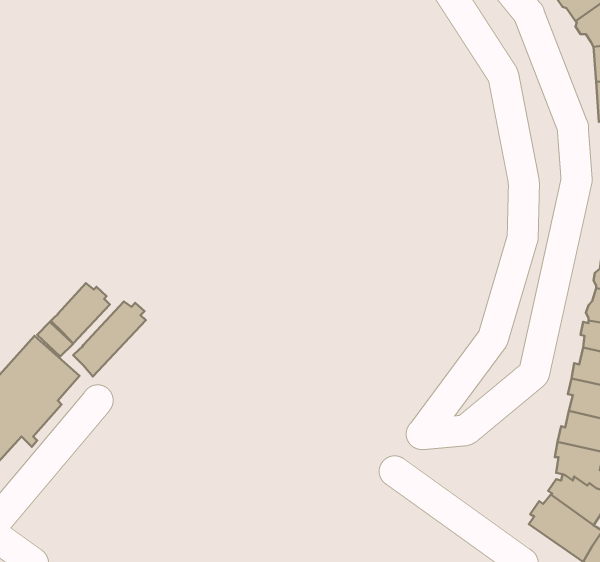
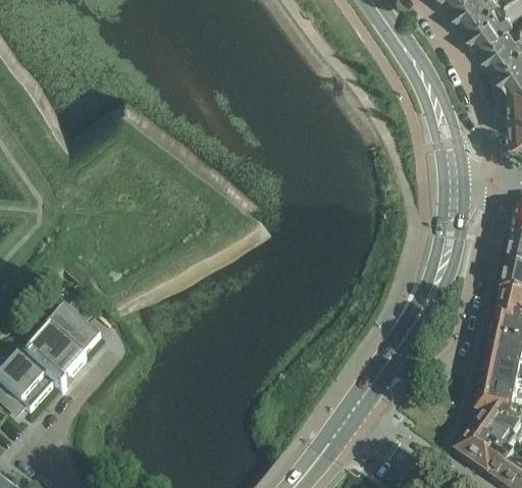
building: [51,283,110,344] -> none
building: [73,301,146,376] -> none

